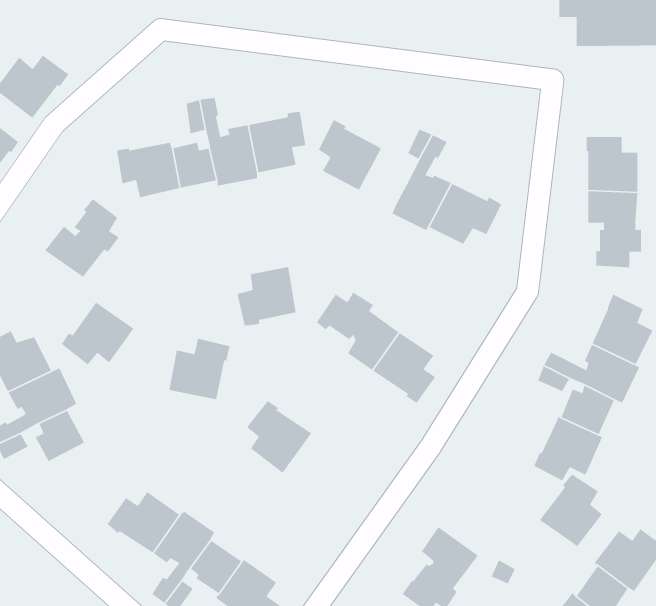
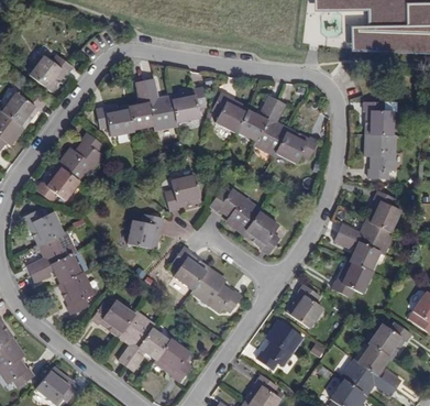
building: none -> [235,109,264,139]
building: [61,301,134,366] -> [36,165,78,201]
building: none -> [191,268,240,314]
building: none -> [56,273,92,315]
building: [539,474,603,547] -> [286,287,322,329]

